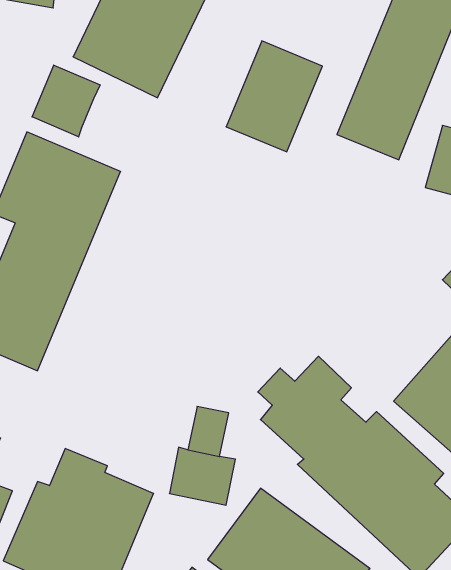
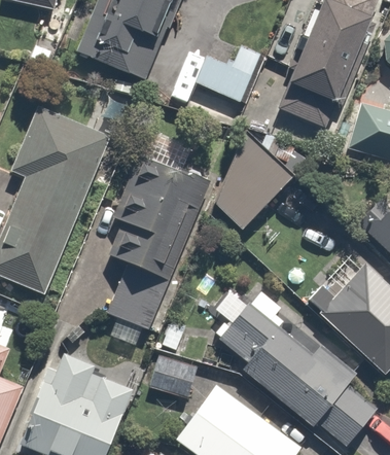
building: [32,65,100,137] -> none
building: none -> [216,132,290,227]
building: none -> [107,157,208,331]

